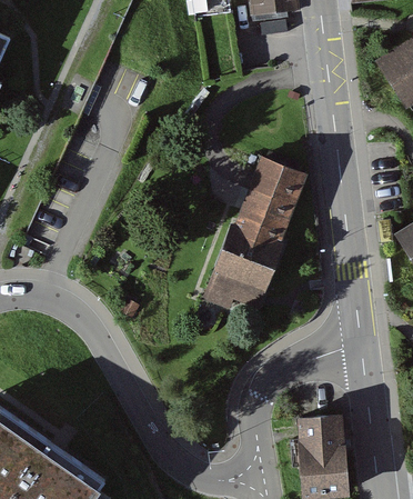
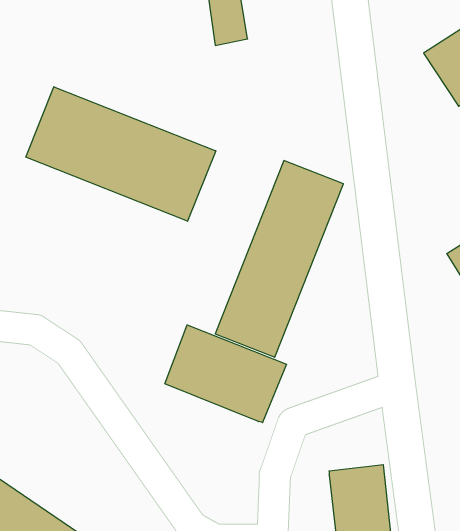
building: none -> [26,87,216,221]
building: none -> [165,325,286,423]

